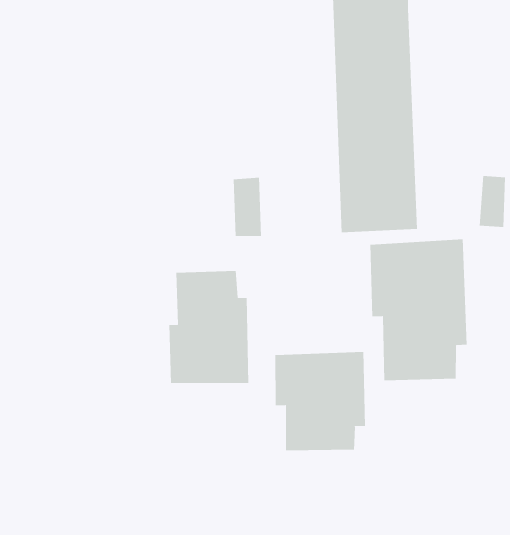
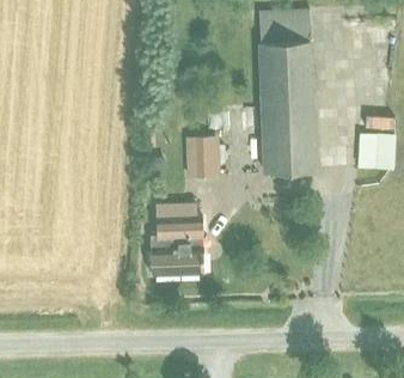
building: [370,239,467,381] -> none
building: [275,351,365,451] -> none

